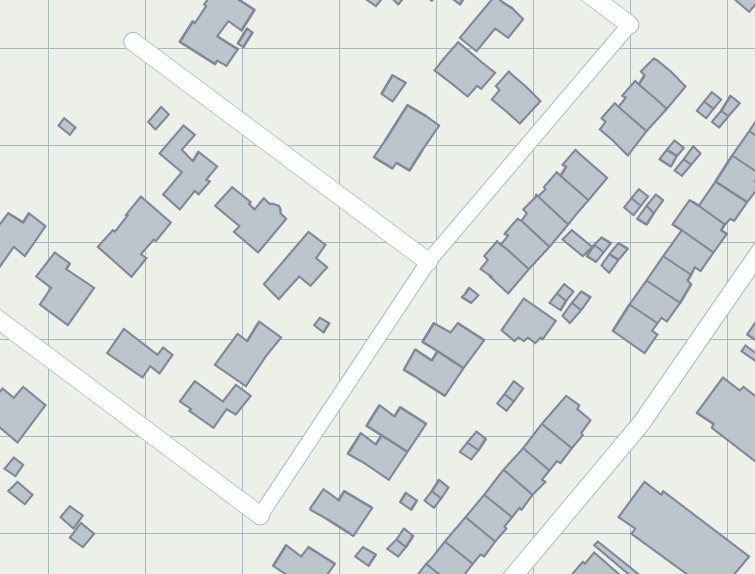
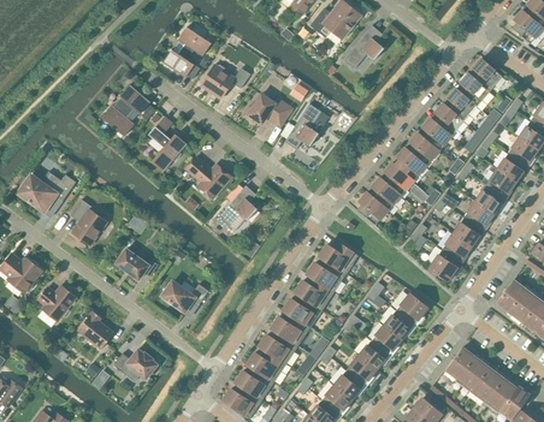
building: none -> [471,58,502,91]
building: [435,42,495,97] -> none
building: none -> [201,64,250,99]
building: [492,71,540,124] -> [420,117,451,150]
building: none -> [244,94,291,123]
building: [98,197,171,277] -> [102,84,149,136]
building: [502,298,556,343] -> [427,249,462,278]
building: [215,322,281,386] -> none
building: none -> [295,279,333,309]
building: none -> [77,310,114,349]
building: none -> [259,333,297,363]
building: none -> [113,349,158,381]
building: none -> [235,369,274,399]

